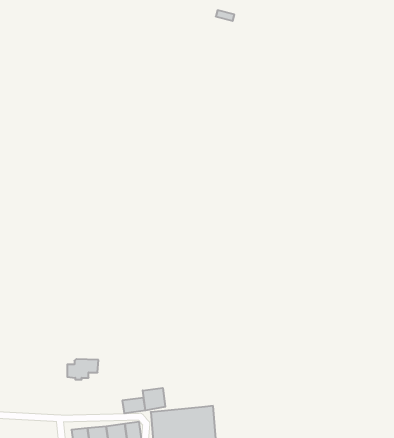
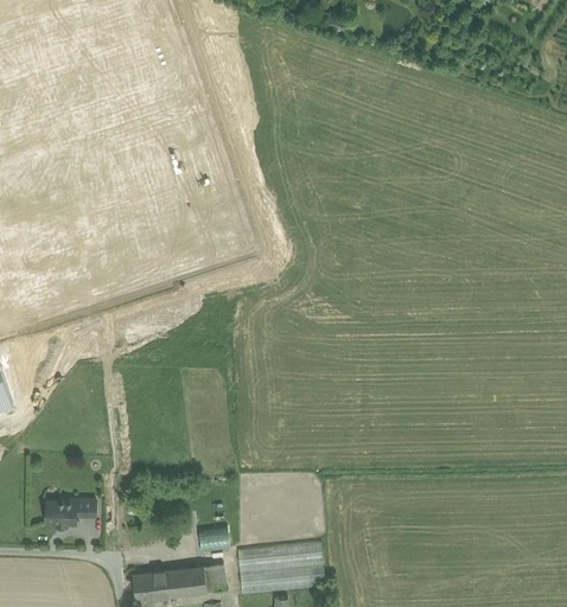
building: [67,359,98,380] -> [47,498,89,525]
building: [143,388,165,410] -> none

